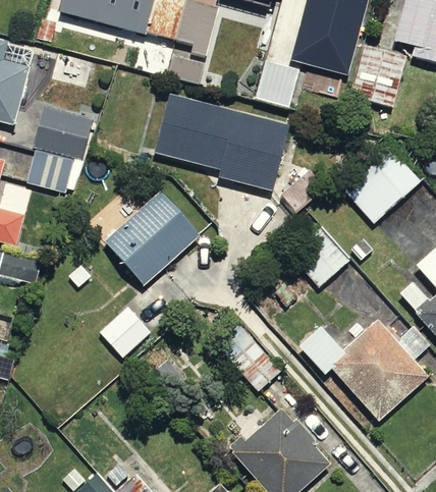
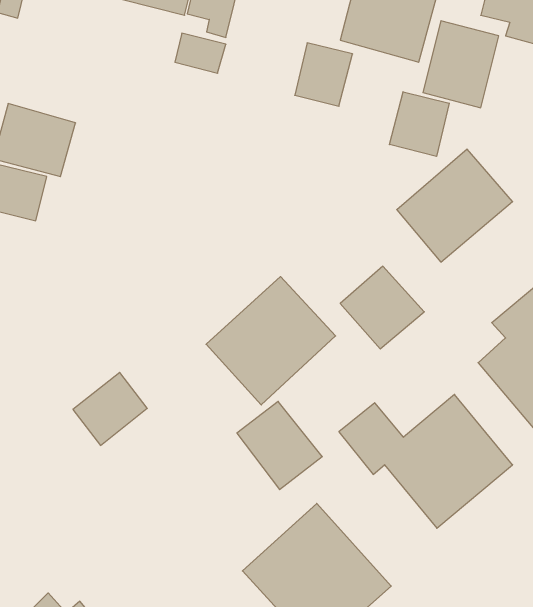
building: [144,94,285,196] -> none
building: none -> [389,92,449,156]
building: [107,192,203,286] -> [206,277,336,405]

